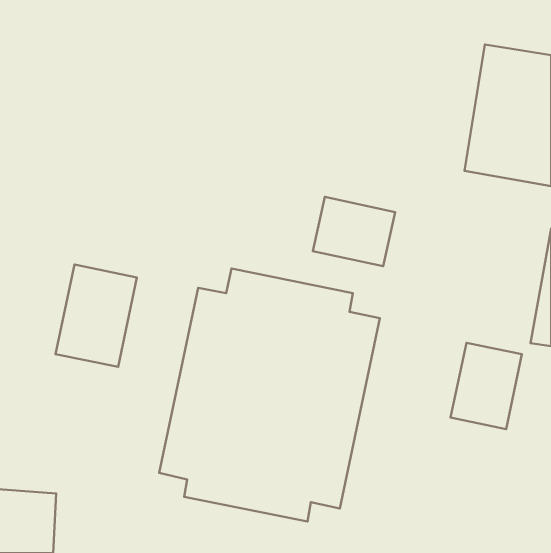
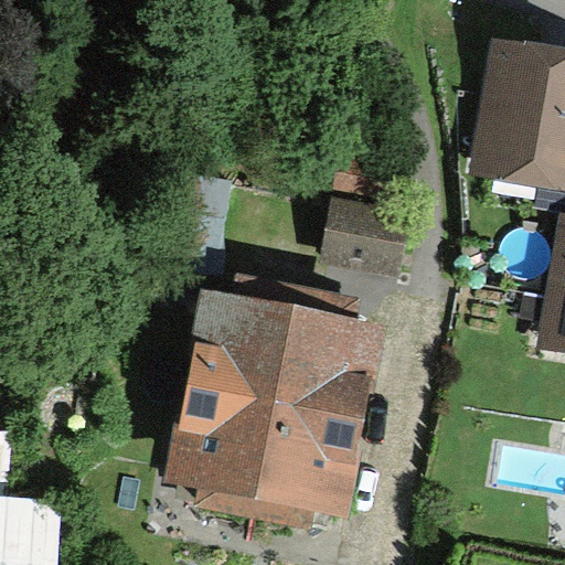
building: [56,265,137,367] -> none
building: [451,343,522,429] -> none

